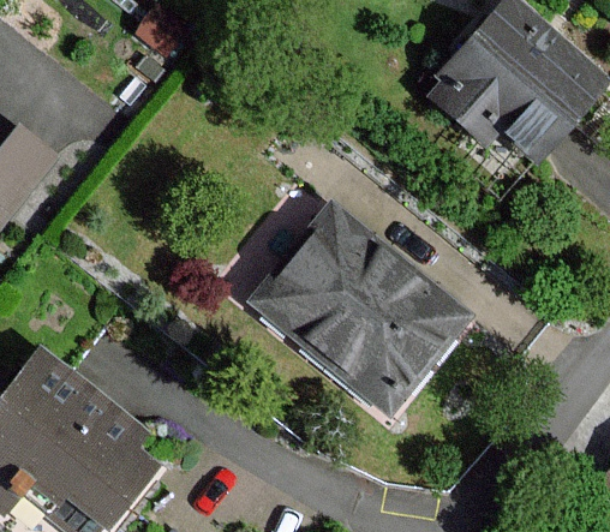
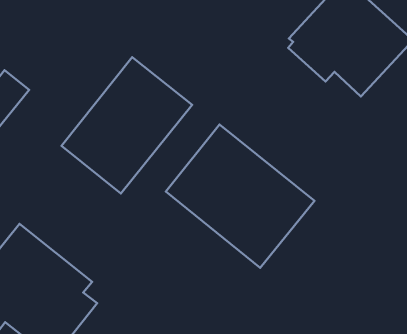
building: none -> [61,57,192,193]

